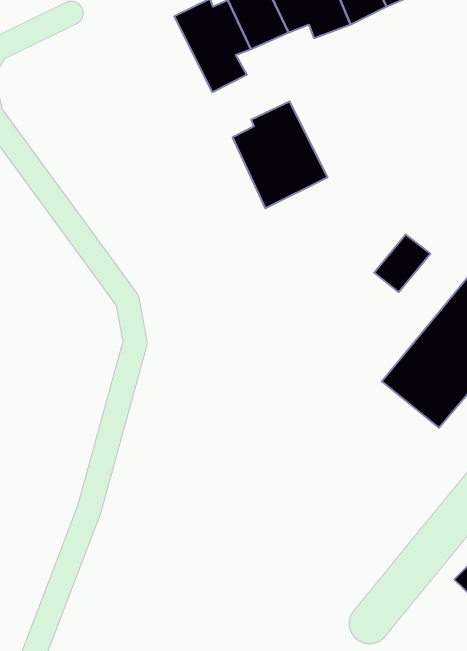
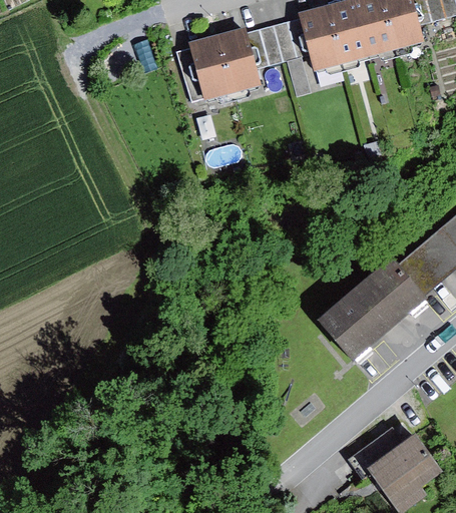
building: [233,101,328,208] -> [176,36,238,107]
building: [374,234,430,292] -> none

